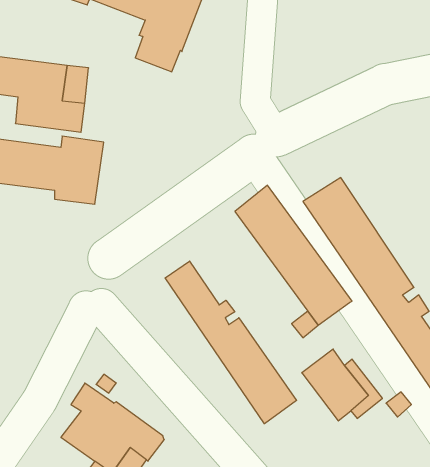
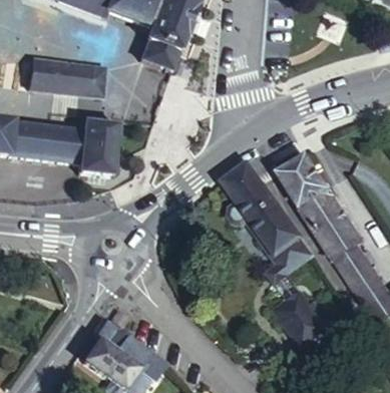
building: [165,261,297,424] -> none

